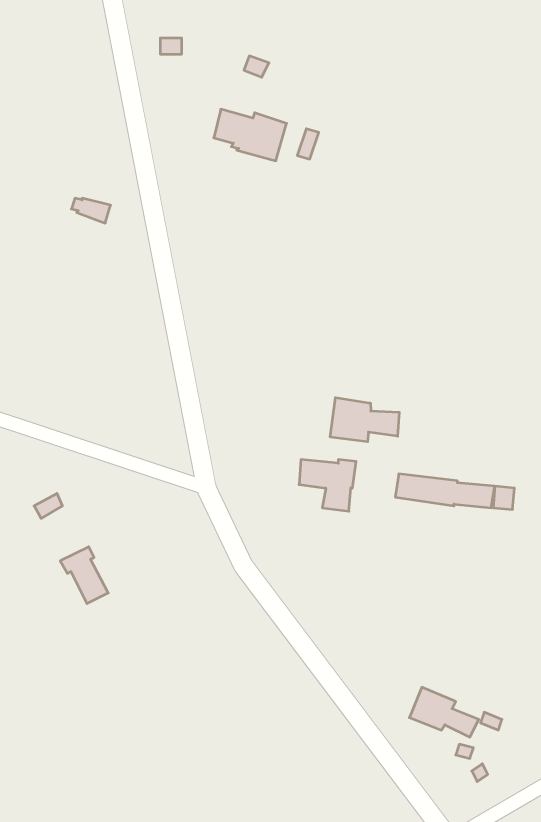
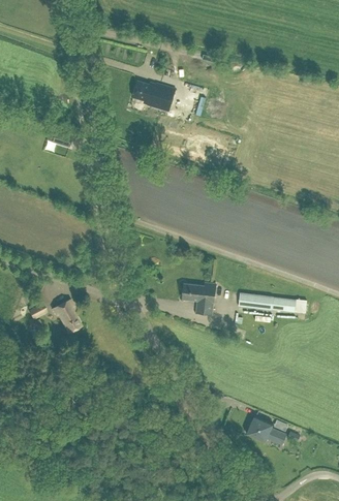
building: [330,398,399,442] -> none
building: [60,547,108,604] -> [52,300,80,333]

